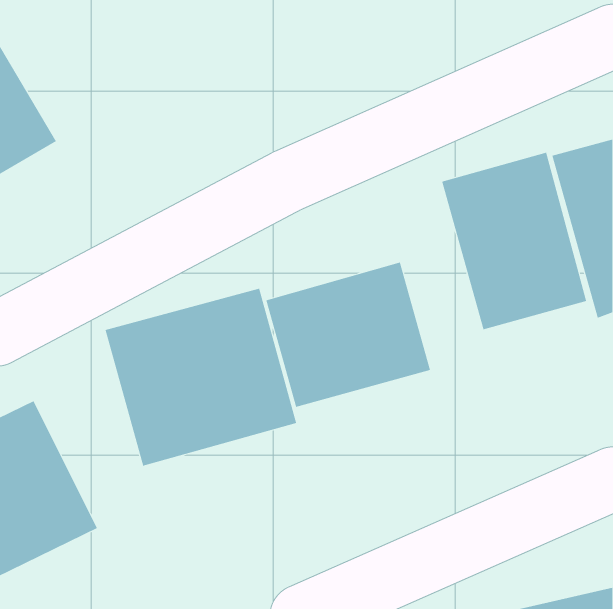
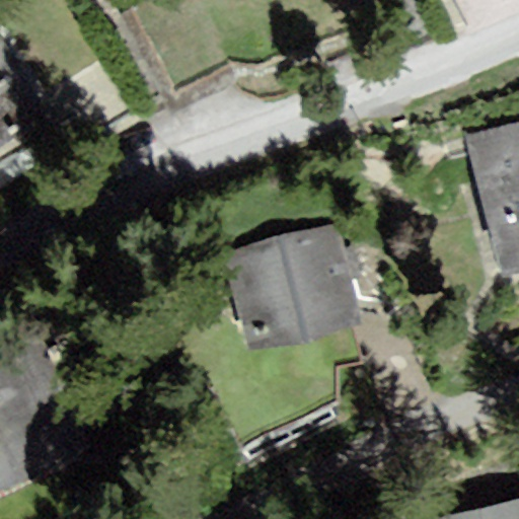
building: [441,152,587,330] -> none
building: [105,288,297,467] -> none

